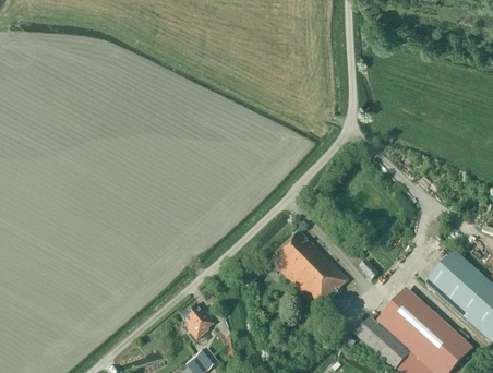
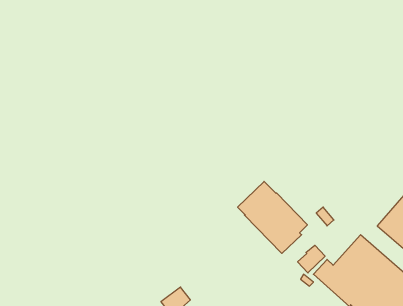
building: none -> [298,245,325,273]
building: [182,302,215,337] -> none

